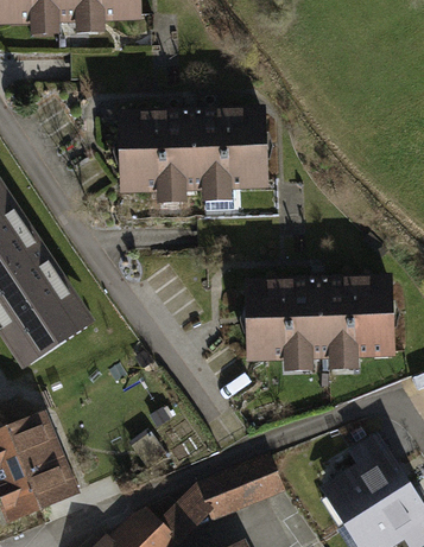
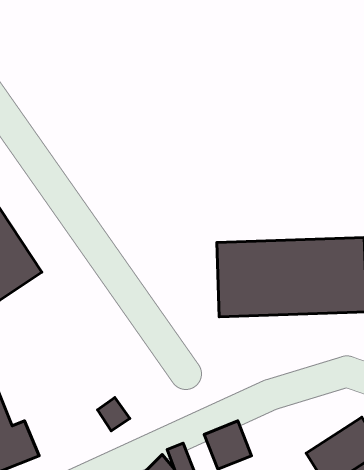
building: [121,114,265,190] -> none

